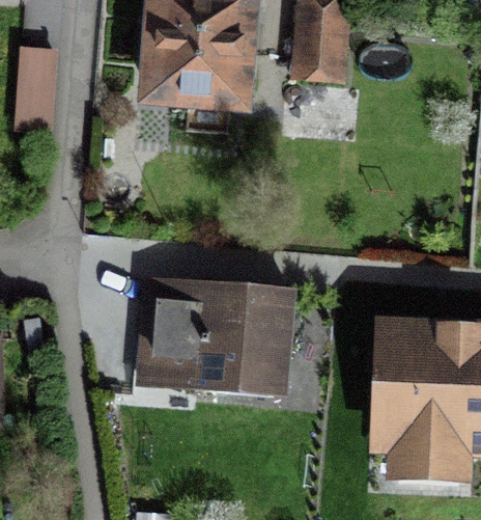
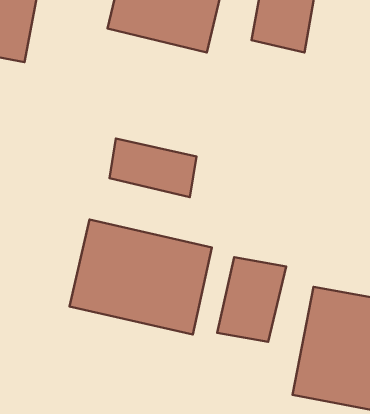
building: none -> [109,138,197,197]
building: none -> [217,257,286,342]

